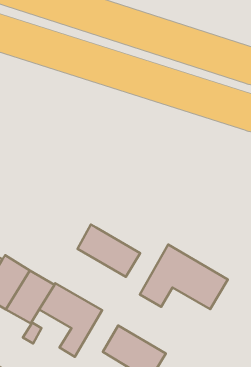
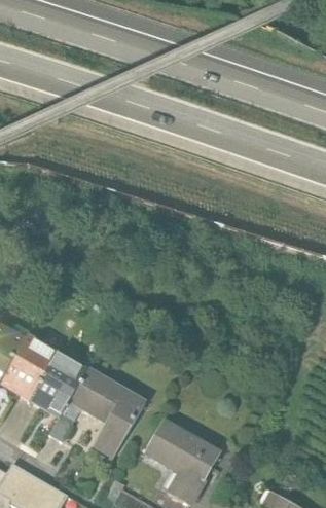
building: [77,225,140,277] -> none
building: [140,244,228,309] -> none

